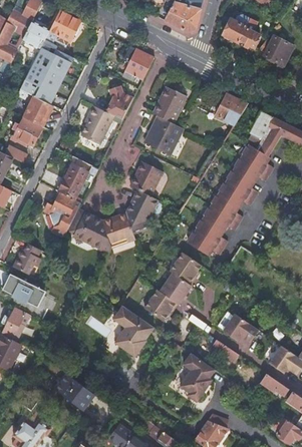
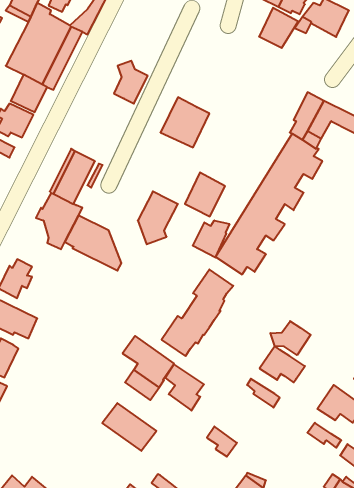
building: [122,45,154,80] -> none
building: [152,85,186,122] -> none
building: [216,93,247,125] -> [259,8,298,48]
building: [80,105,113,144] -> none
building: [128,160,161,195] -> [185,172,225,216]
building: [101,212,133,247] -> none
building: none -> [193,220,229,258]
building: none -> [270,321,311,355]
building: [183,353,214,390] -> [165,364,204,411]
building: [51,372,94,410] -> [102,403,156,451]

